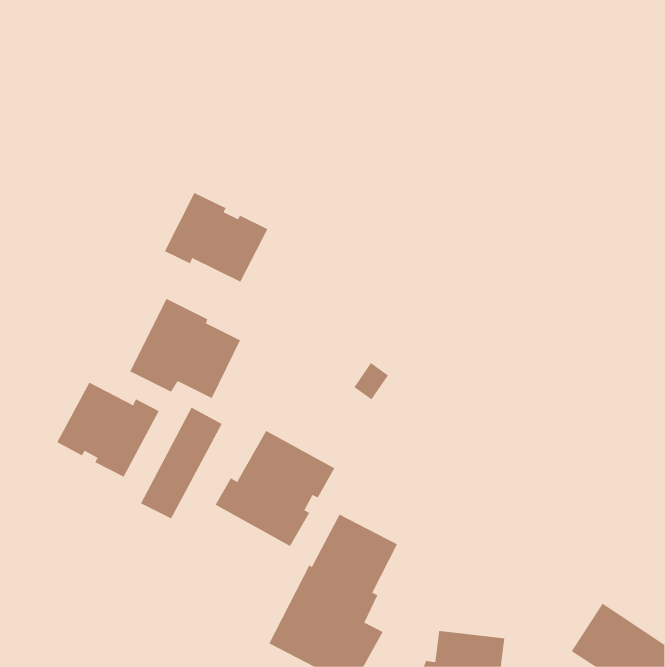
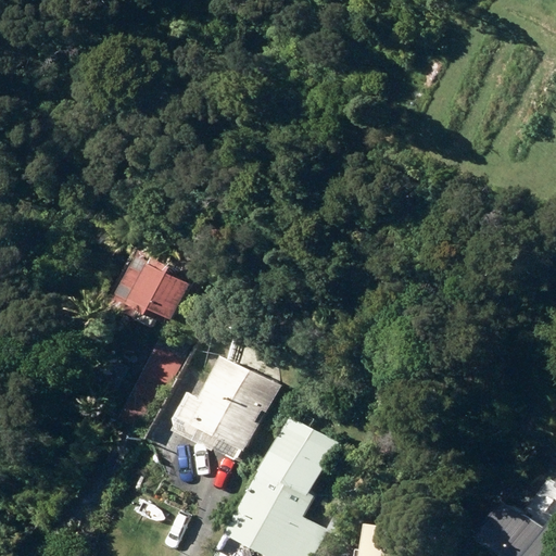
building: [164,192,268,283] -> none
building: [56,382,160,478] -> none

